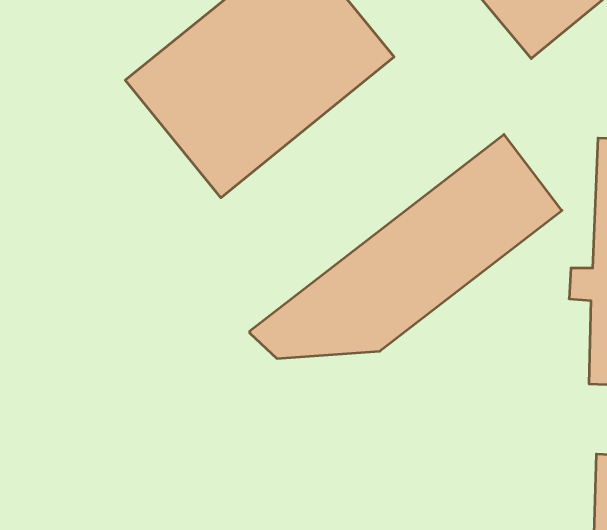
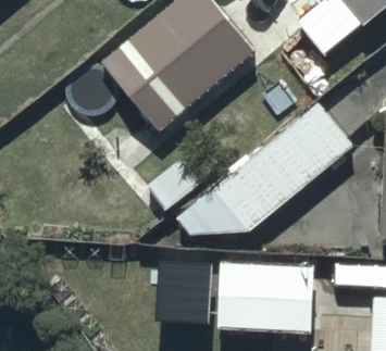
building: none -> [210,265,309,333]

